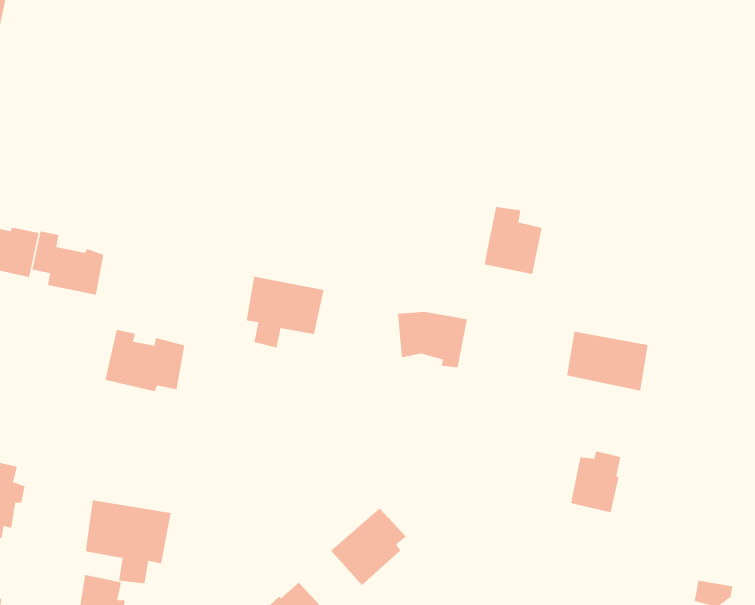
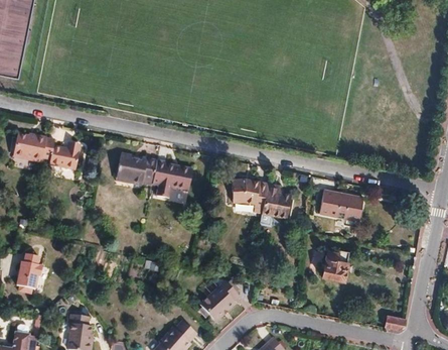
building: [484,206,543,275] -> [262,182,292,217]
building: [104,329,185,392] -> [117,151,158,184]
building: [85,499,171,584] -> none

